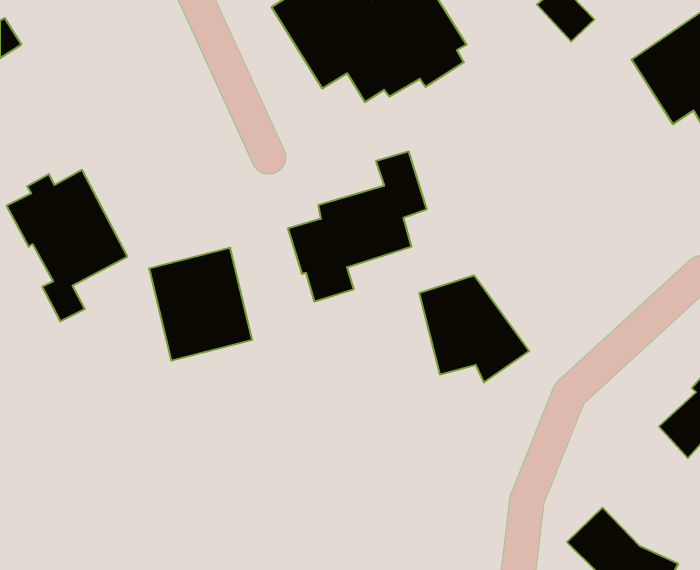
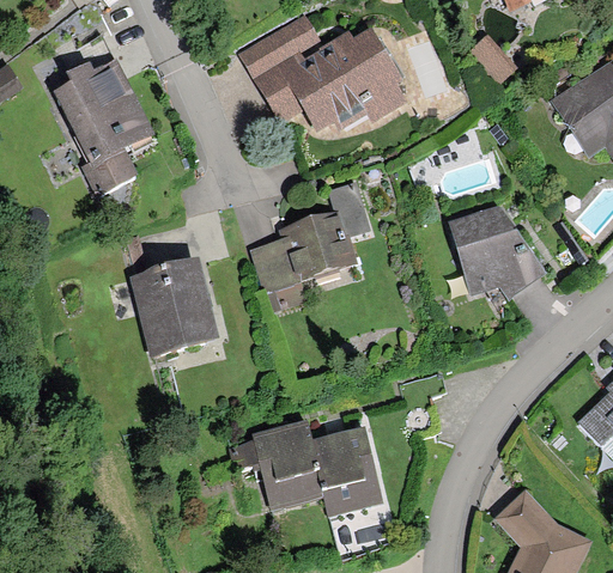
building: [7,170,127,321] -> [50,65,156,196]
building: [419,275,529,383] -> [451,208,547,301]
building: none -> [230,419,384,514]

